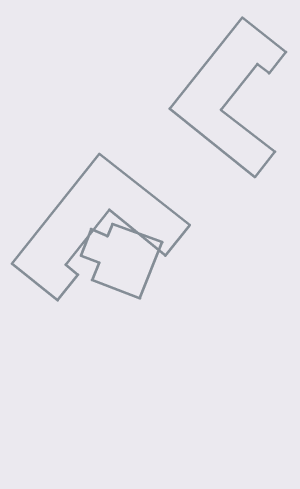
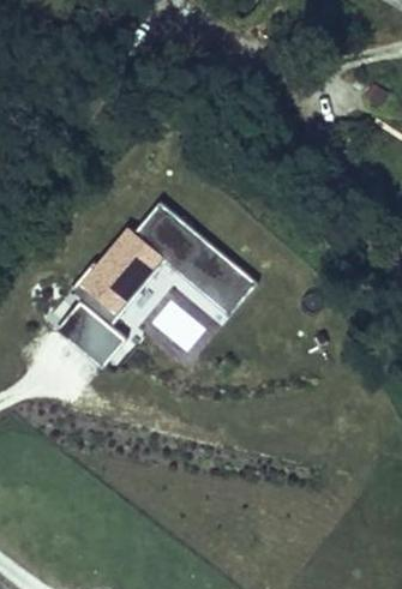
building: [170,18,286,177] -> none

